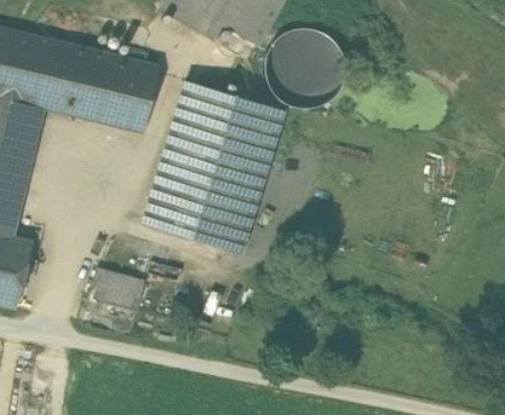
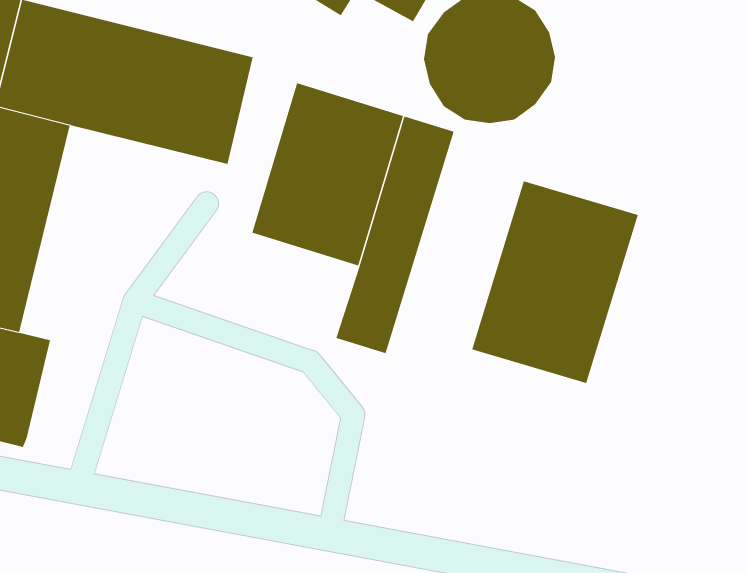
building: none -> [471,180,638,384]
building: [144,174,224,240] -> none
building: [90,267,147,311] -> none

